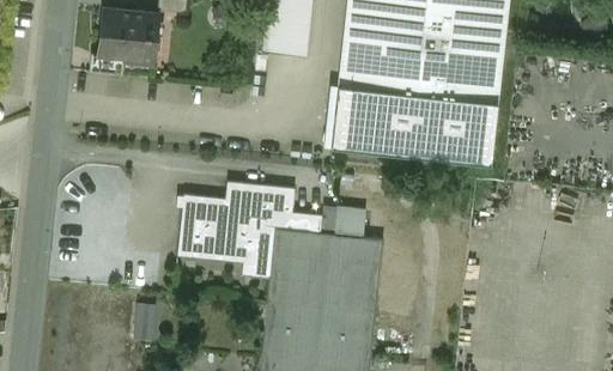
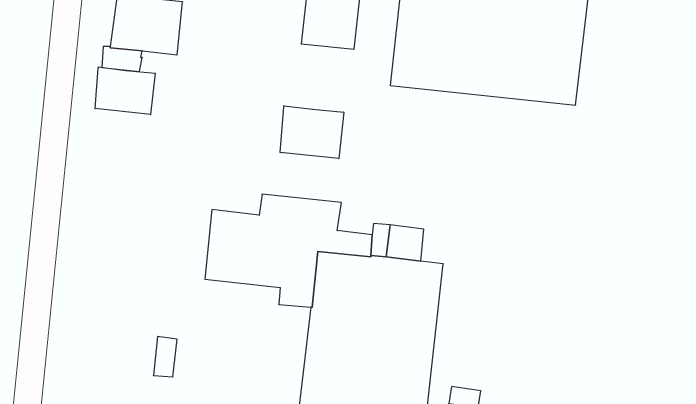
building: none -> [95,67,155,115]
building: [332,87,497,165] -> none
building: none -> [280,106,344,159]

